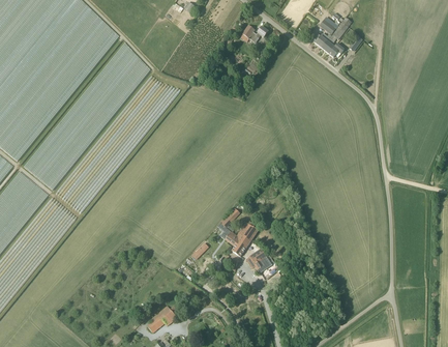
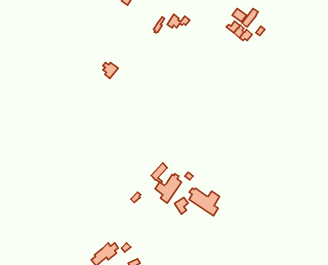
building: none -> [189,188,219,216]

